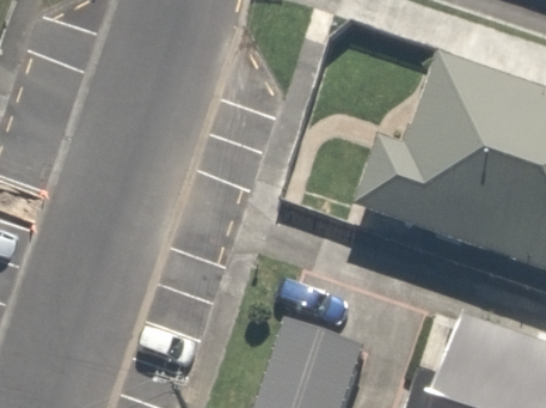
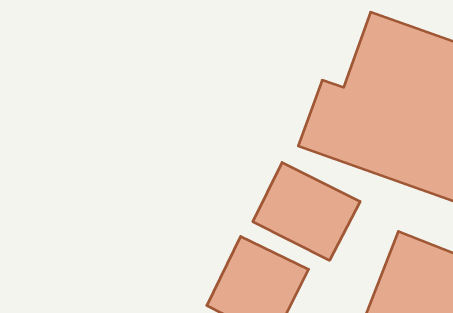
building: none -> [253,162,360,260]

